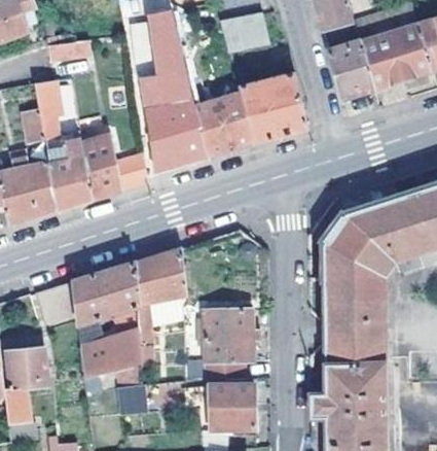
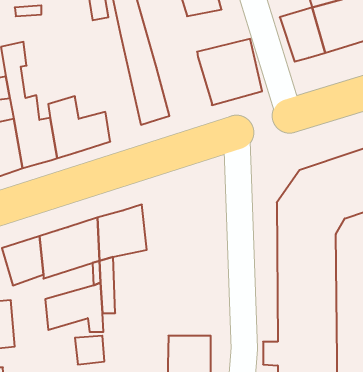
building: [145,69,181,172] -> none
building: [197,94,255,155] -> none
building: [205,309,259,381] -> none

